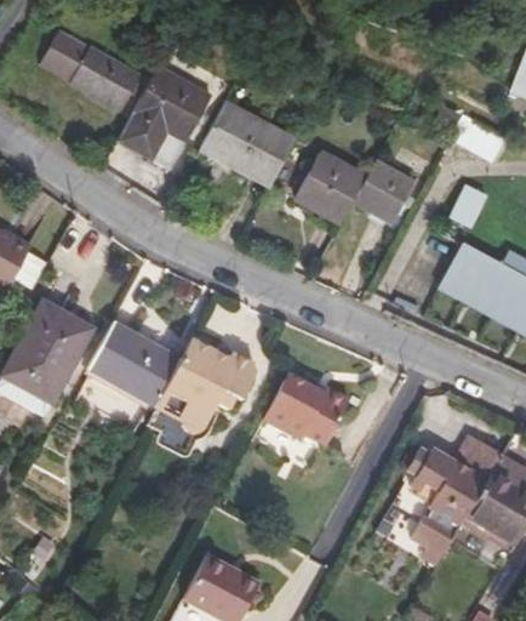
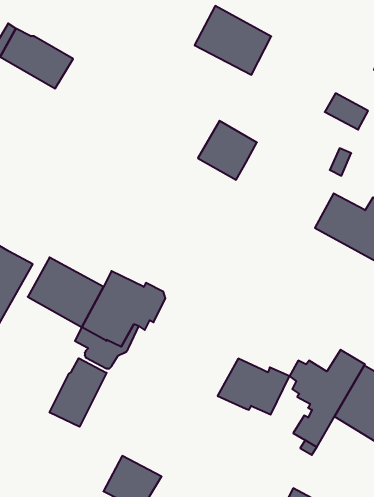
building: [116,65,211,169] -> none
building: [200,101,295,186] -> [195,6,271,75]
building: [354,160,414,223] -> none
building: [262,378,350,448] -> [218,359,289,415]
building: none -> [50,358,107,427]

